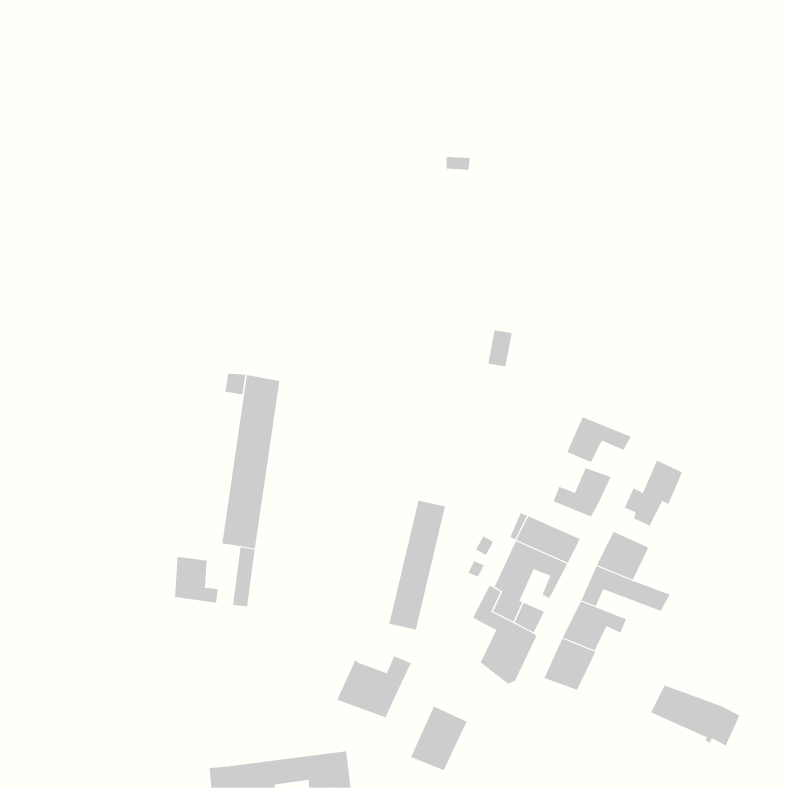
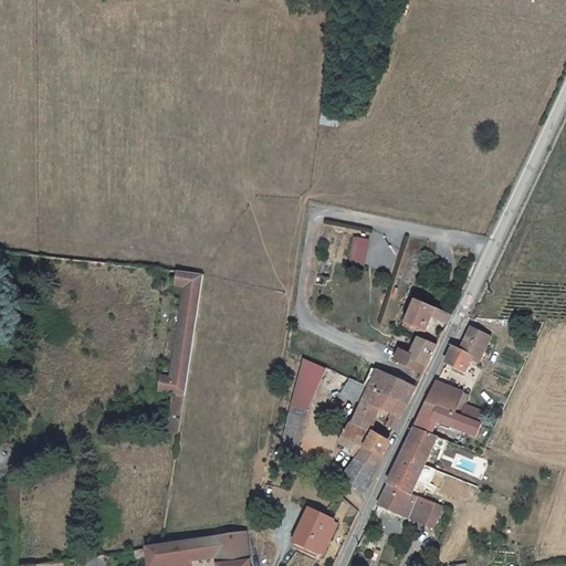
building: [175,556,218,604] -> none
building: [337,655,411,718] -> none
building: [650,685,740,747] -> [378,484,442,528]

